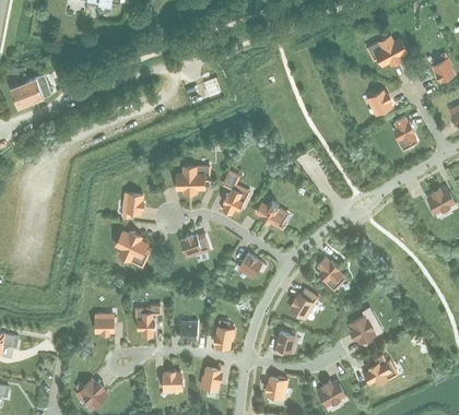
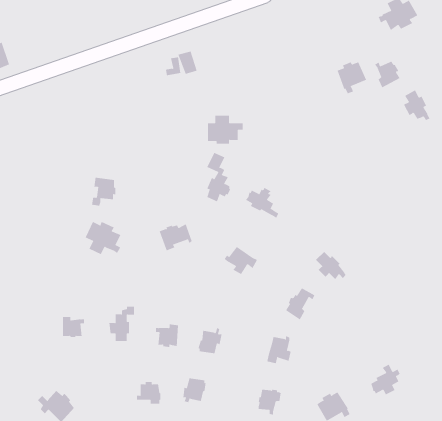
building: none -> [337,61,367,94]
building: [177,166,209,191] -> [207,115,243,144]
building: [350,315,376,346] -> none

